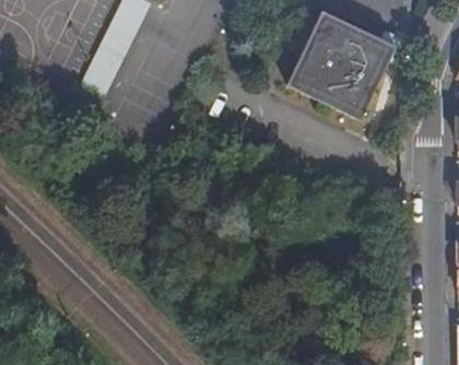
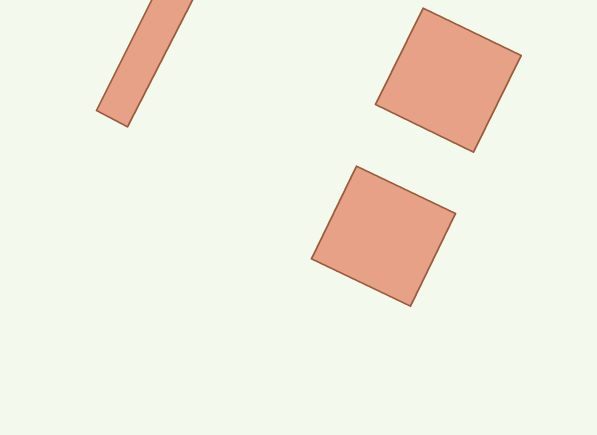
building: none -> [312,166,455,306]

